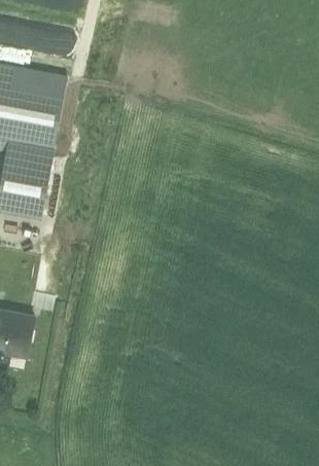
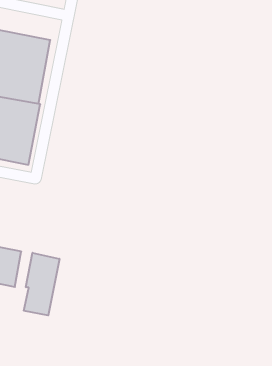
building: none -> [24,253,59,315]

